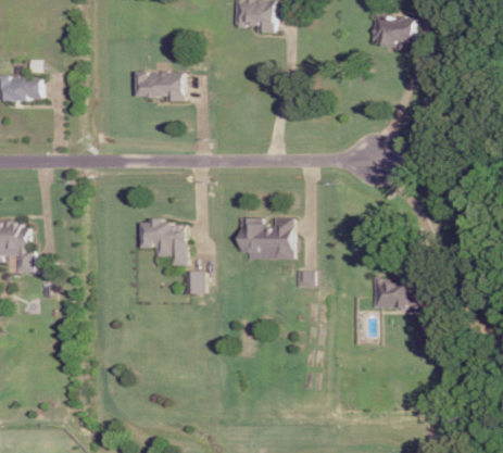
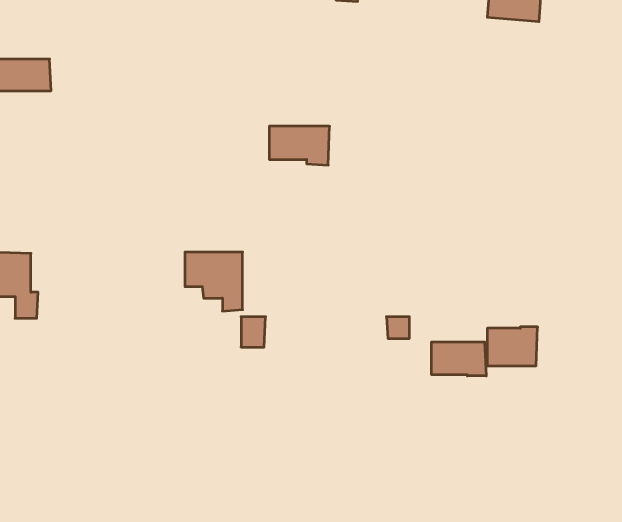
building: [138,72,184,101] -> [269,126,330,165]
building: [240,217,292,259] -> none
building: none -> [432,342,486,376]

